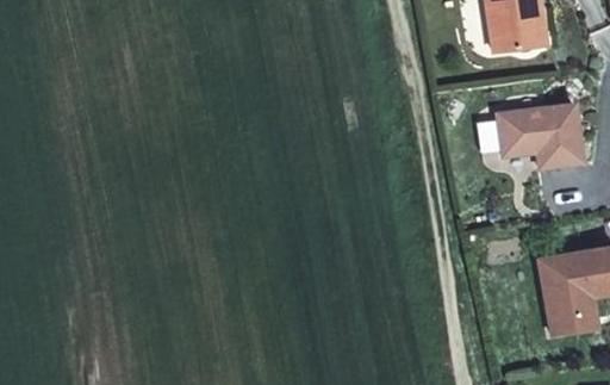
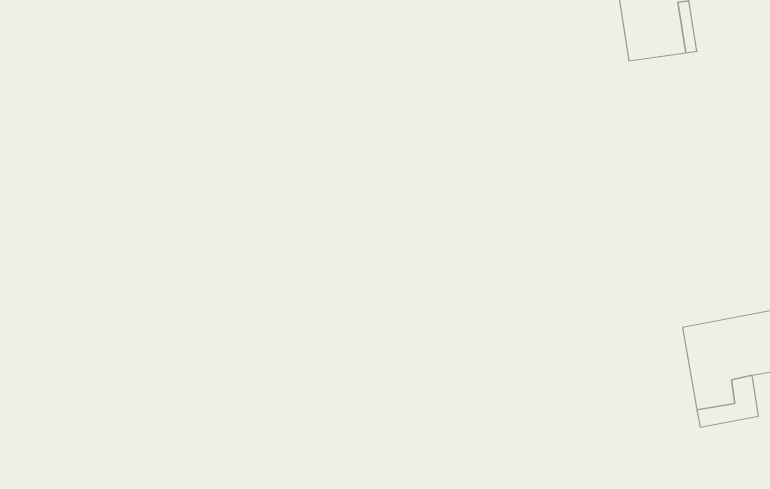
building: [493,101,578,166] -> none

